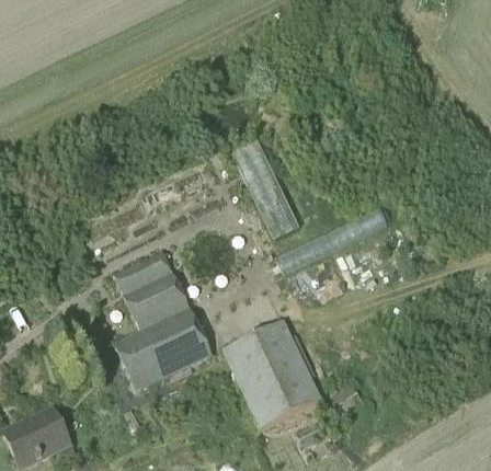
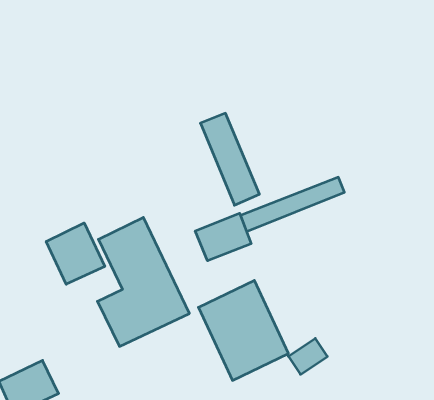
building: none -> [195,213,251,261]
building: none -> [46,223,105,284]

